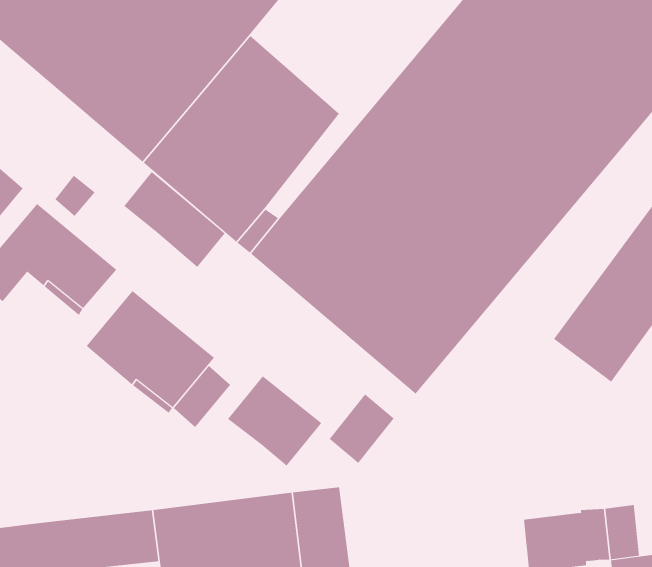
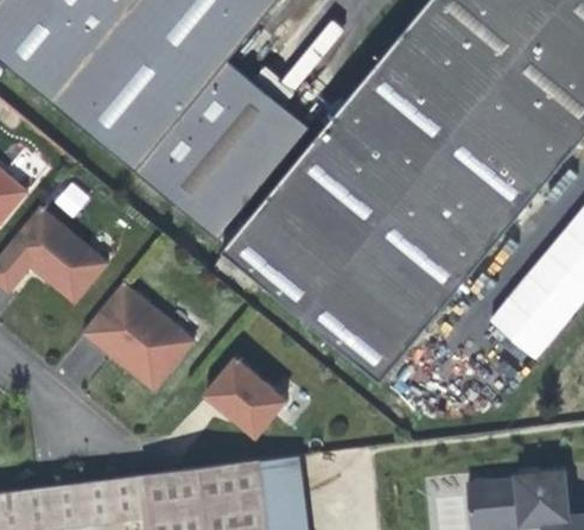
building: [123,171,226,268] -> none
building: [173,365,231,428] -> none
building: [329,394,395,464] -> none

